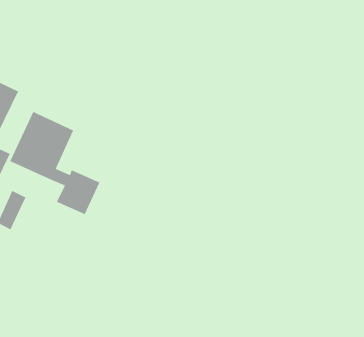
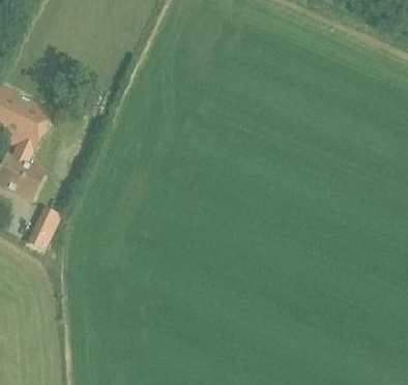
building: [9,111,101,215] -> none

